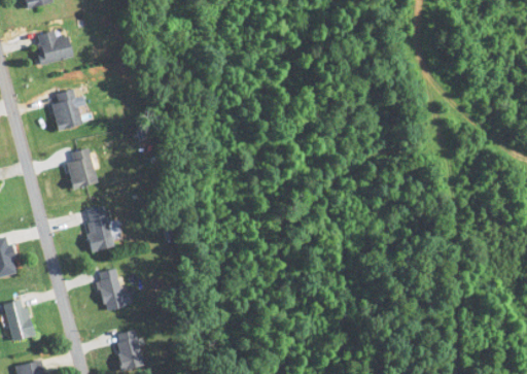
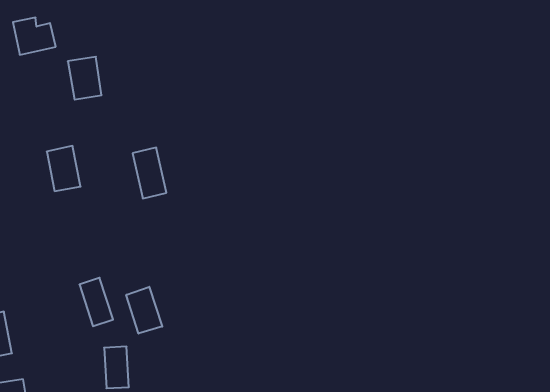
building: [49,90,80,129] -> [68,57,102,100]
building: [82,205,113,251] -> [133,148,166,198]
building: none -> [126,287,162,334]

